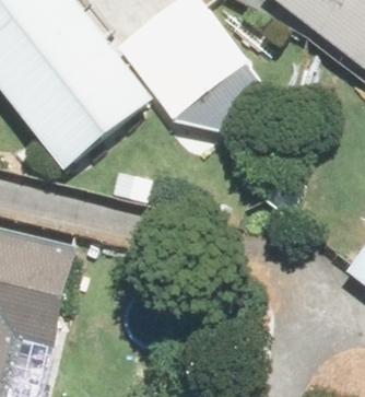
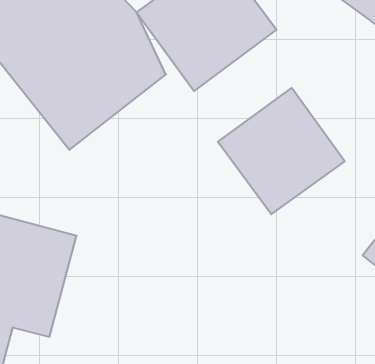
building: none -> [218,88,345,214]

